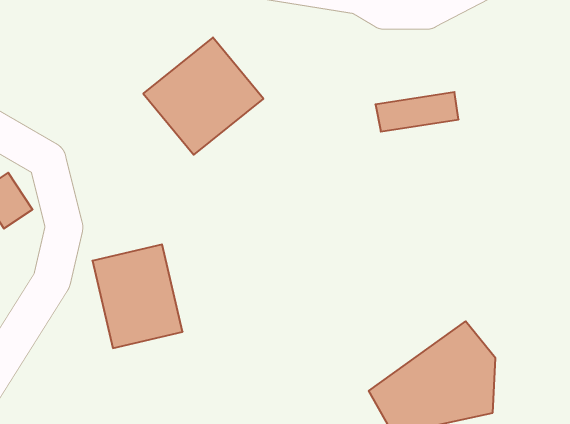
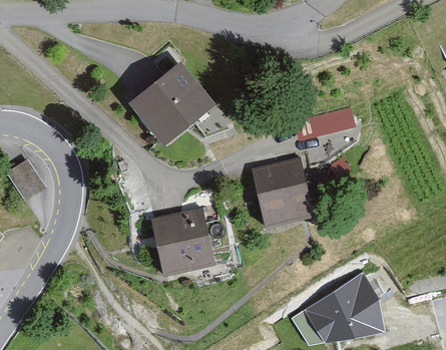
building: none -> [249,154,315,230]
building: [92,244,183,348] -> [146,205,212,281]

